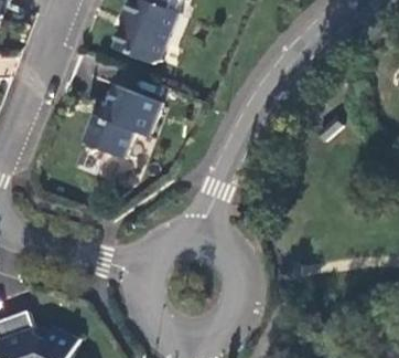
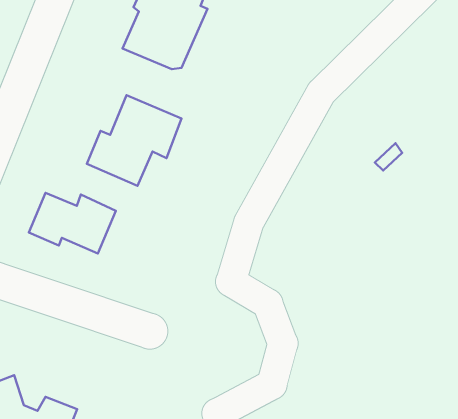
building: none -> [29,193,116,254]

